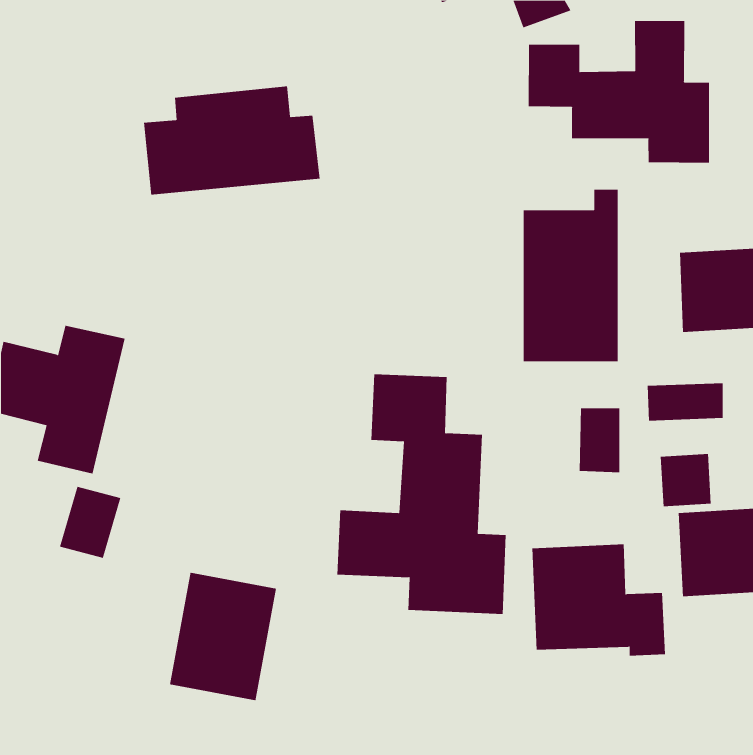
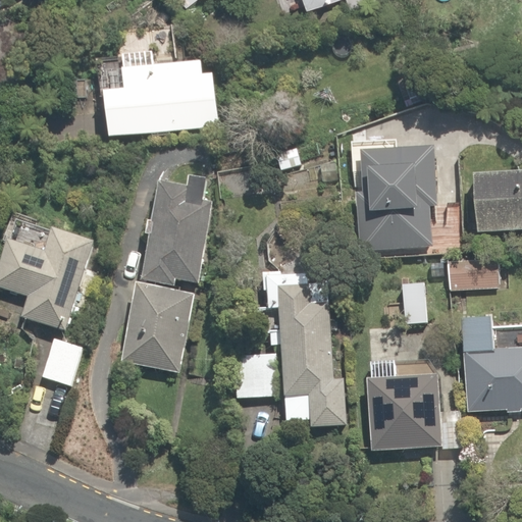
building: [528,20,710,164] -> none
building: none -> [142,180,212,282]
building: [169,572,277,701] -> [118,284,193,373]

